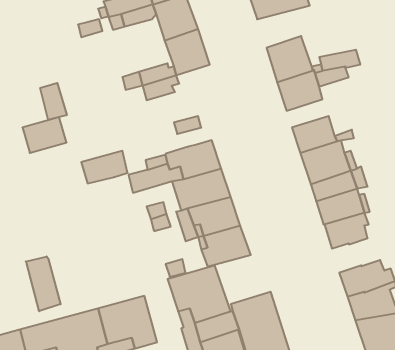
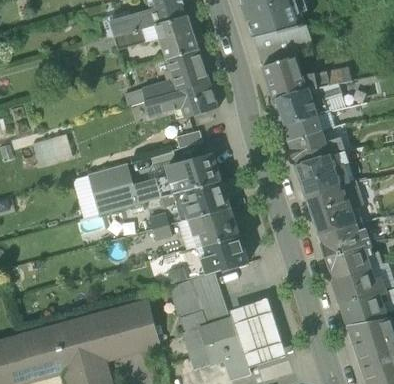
building: none -> [254,24,313,65]
building: none -> [177,81,217,117]
building: [40,83,67,120] -> none
building: none -> [282,113,322,141]
building: none -> [93,184,136,214]
building: none -> [325,246,371,279]
building: [26,256,61,311] -> none

